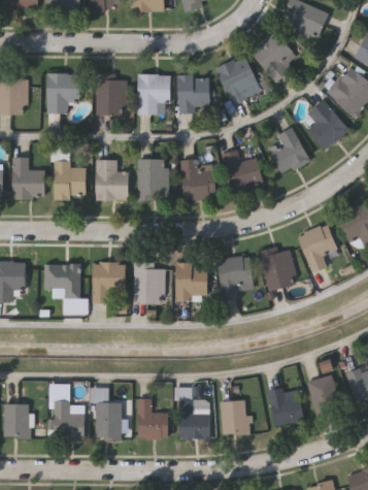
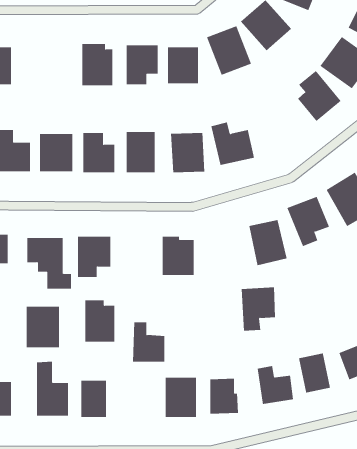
building: [47,74,83,115] -> none
building: [272,128,310,175] -> none
building: [218,256,252,299] -> [241,287,276,331]
building: [133,262,163,303] -> [85,300,115,342]
building: none -> [26,306,59,348]
building: [136,399,168,438] -> [132,322,165,362]

